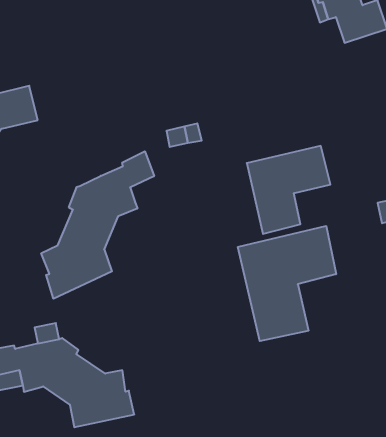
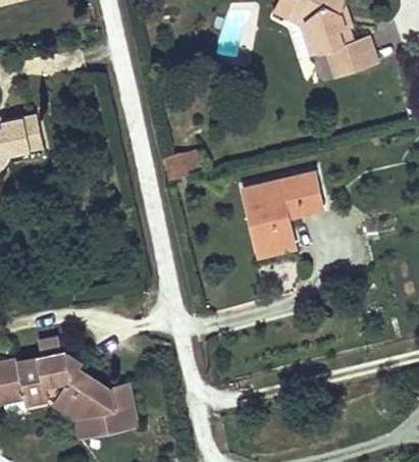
building: [41,151,154,299] -> none
building: [238,226,336,341] -> none

